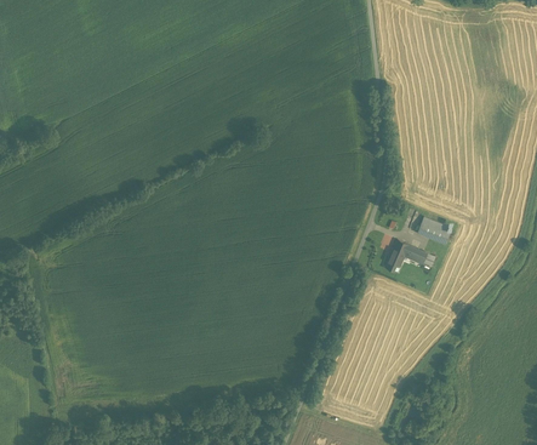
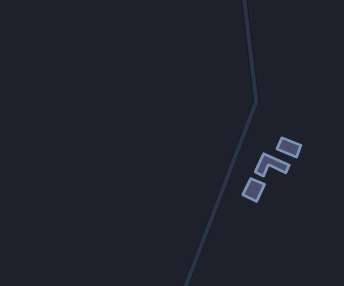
building: none -> [243,179,264,201]

